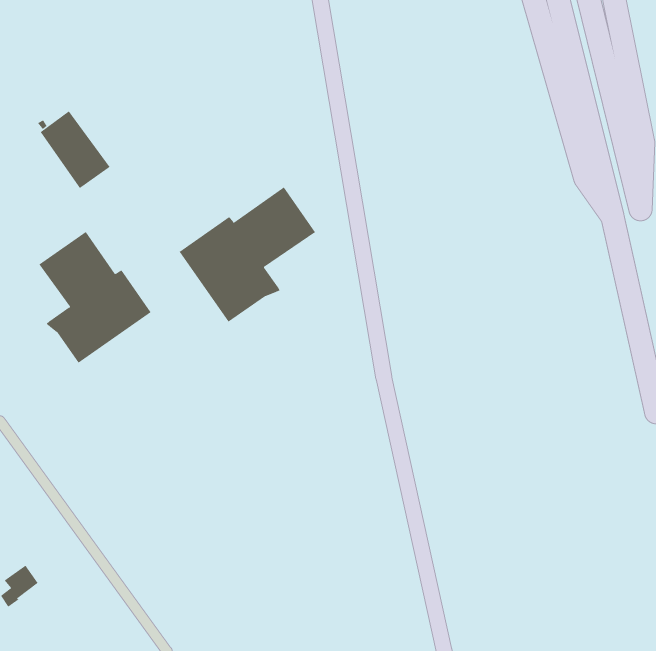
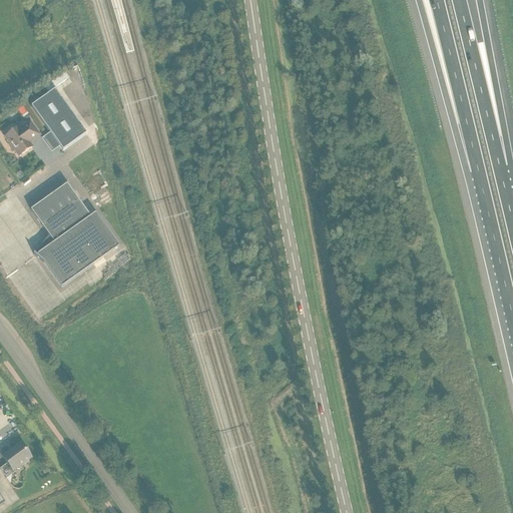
building: none -> [5,119,39,153]
building: [179,187,316,322] -> none

